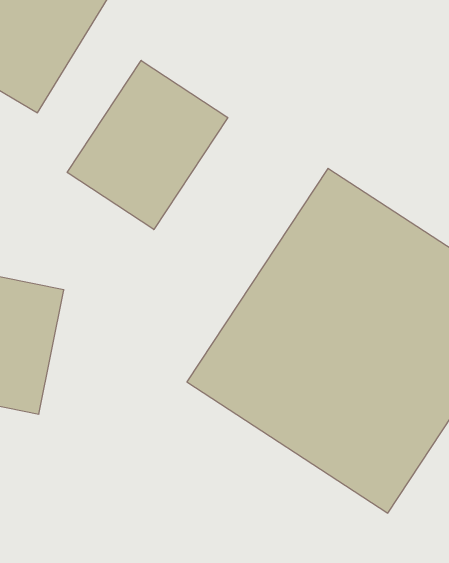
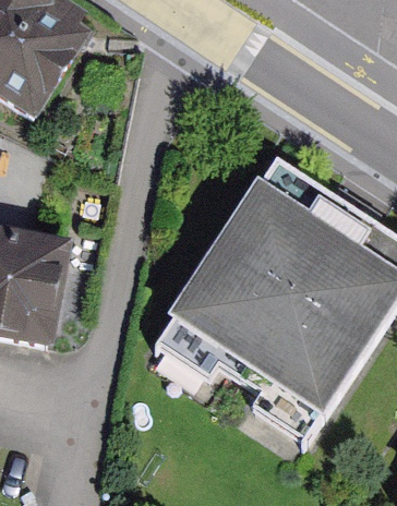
building: [67,60,228,230] -> none

